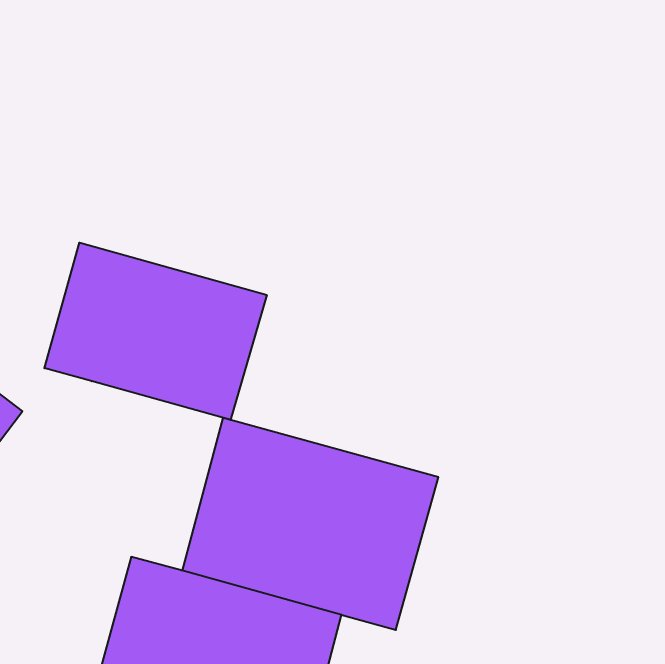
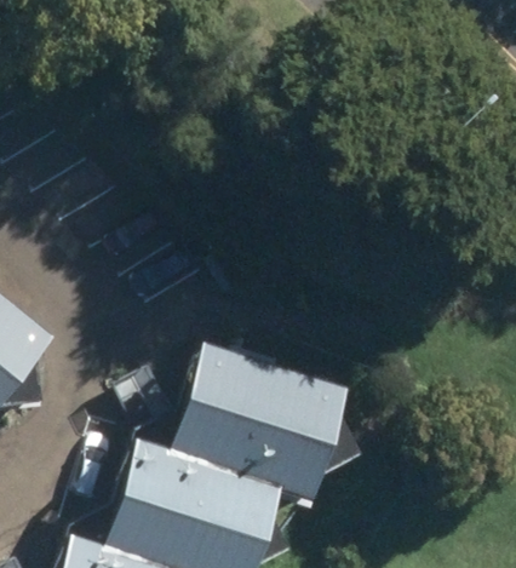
building: [44,243,267,420] -> none

